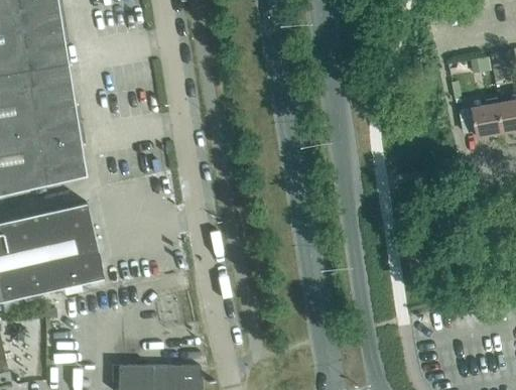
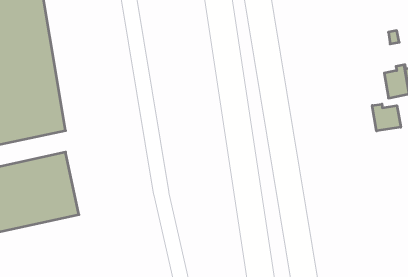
building: none -> [372,104,401,131]

